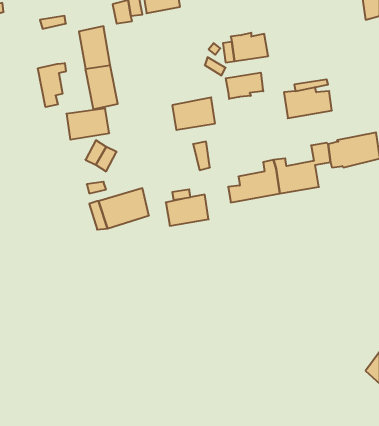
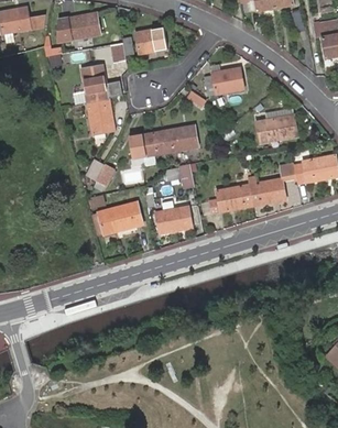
building: [38,63,66,107] -> none
building: [226,73,263,99] -> none
building: [66,109,109,140] -> [128,131,164,157]

